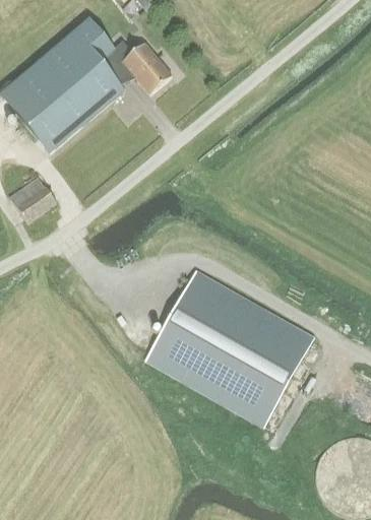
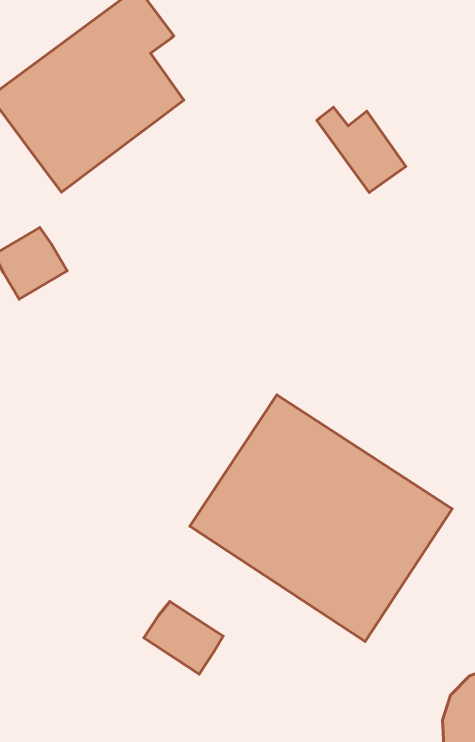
building: [113,41,172,93] -> [317,107,406,193]
building: none -> [144,602,223,674]

